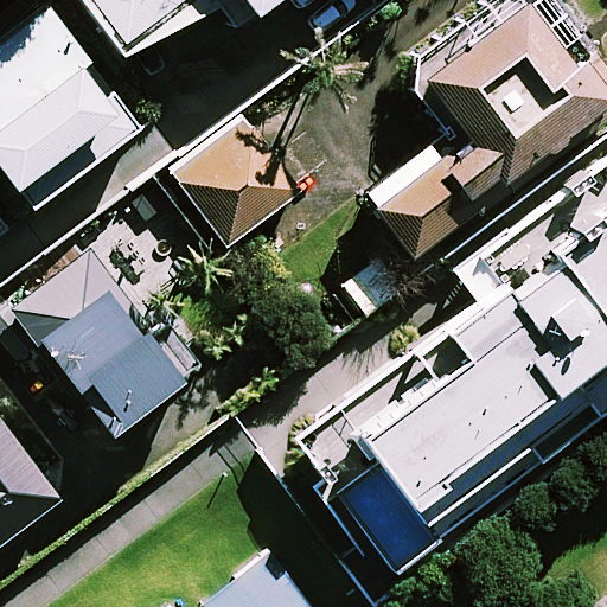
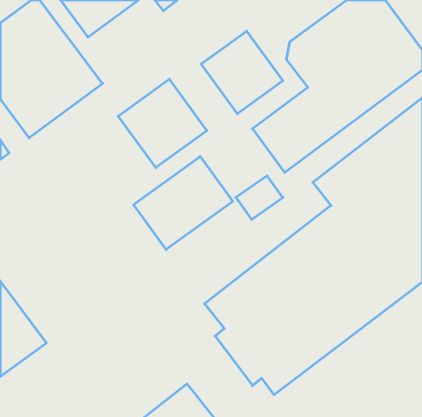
building: none -> [201,31,283,114]
building: none -> [134,156,233,250]
building: [18,255,178,429] -> none

